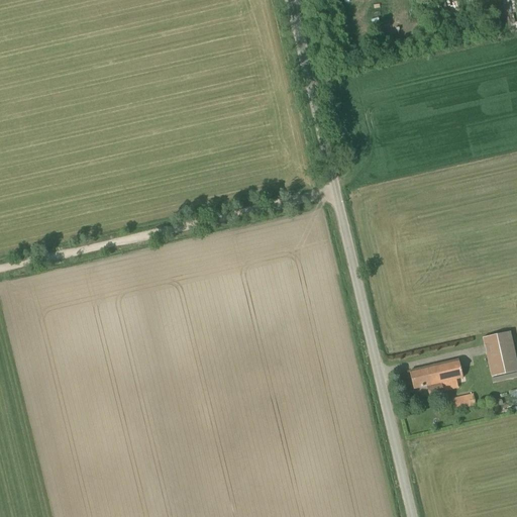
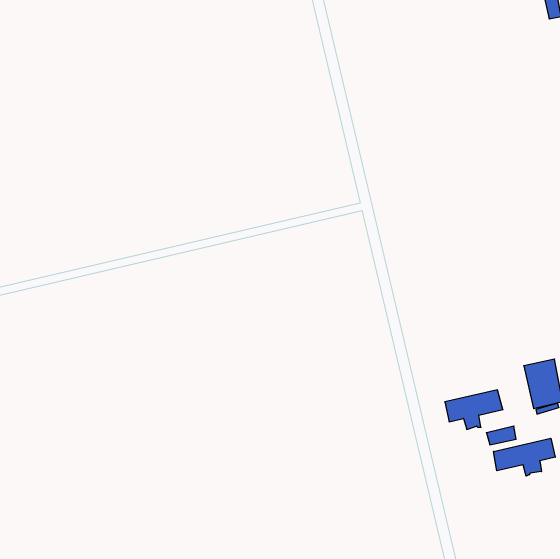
building: none -> [494,438,555,476]

